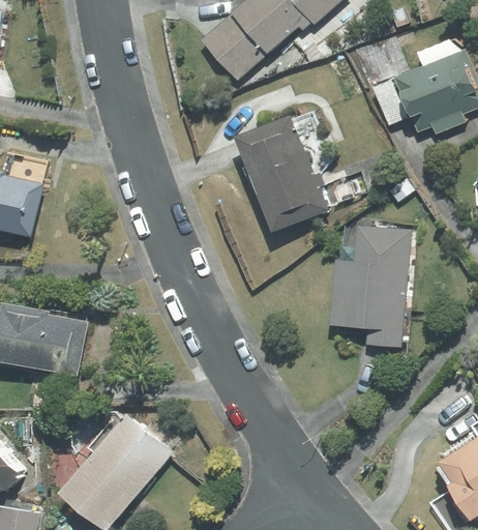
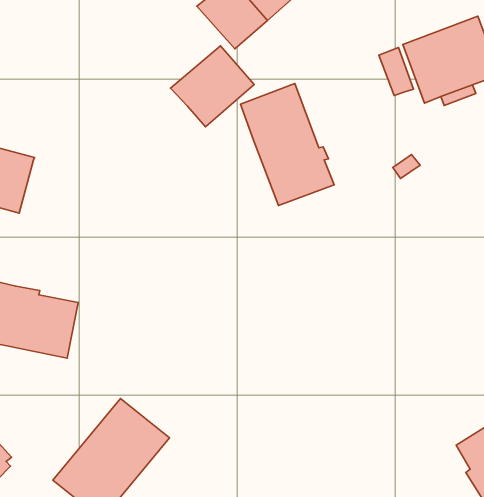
building: none -> [171,46,254,127]
building: [329,228,407,348] -> none

